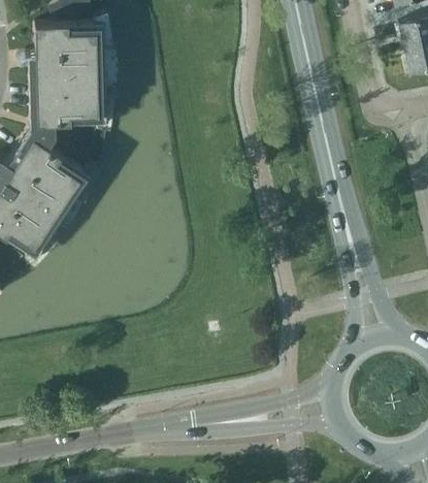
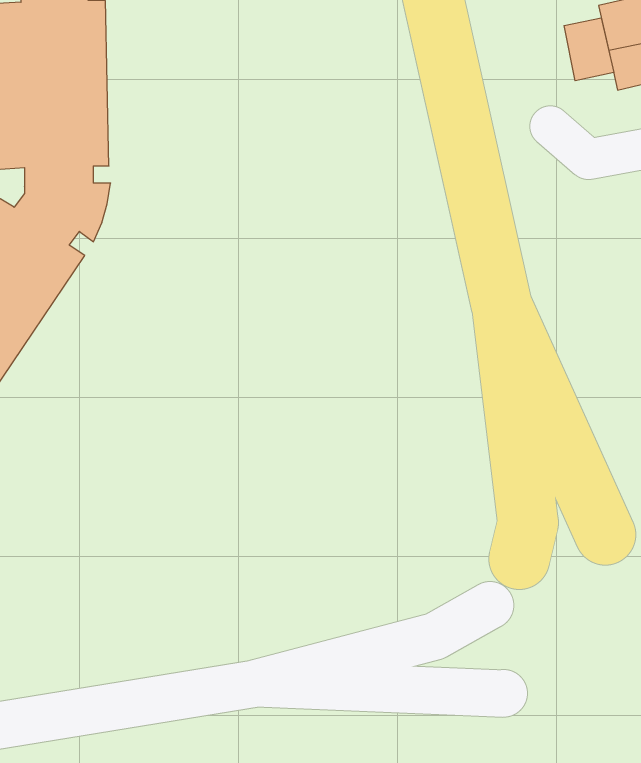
building: none -> [564,18,614,81]

